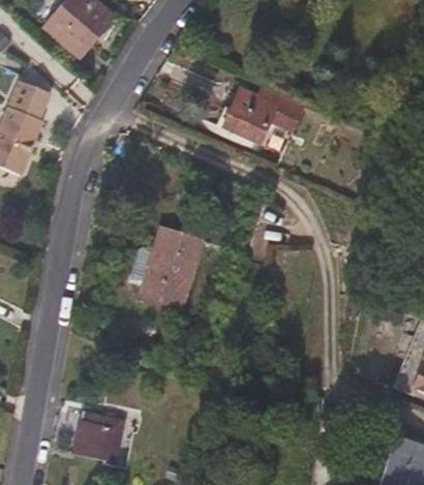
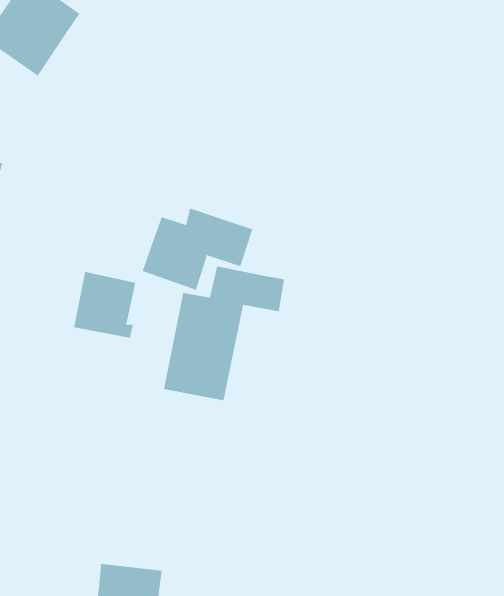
building: [219,86,301,145] -> [142,208,253,290]
building: none -> [74,271,136,339]

